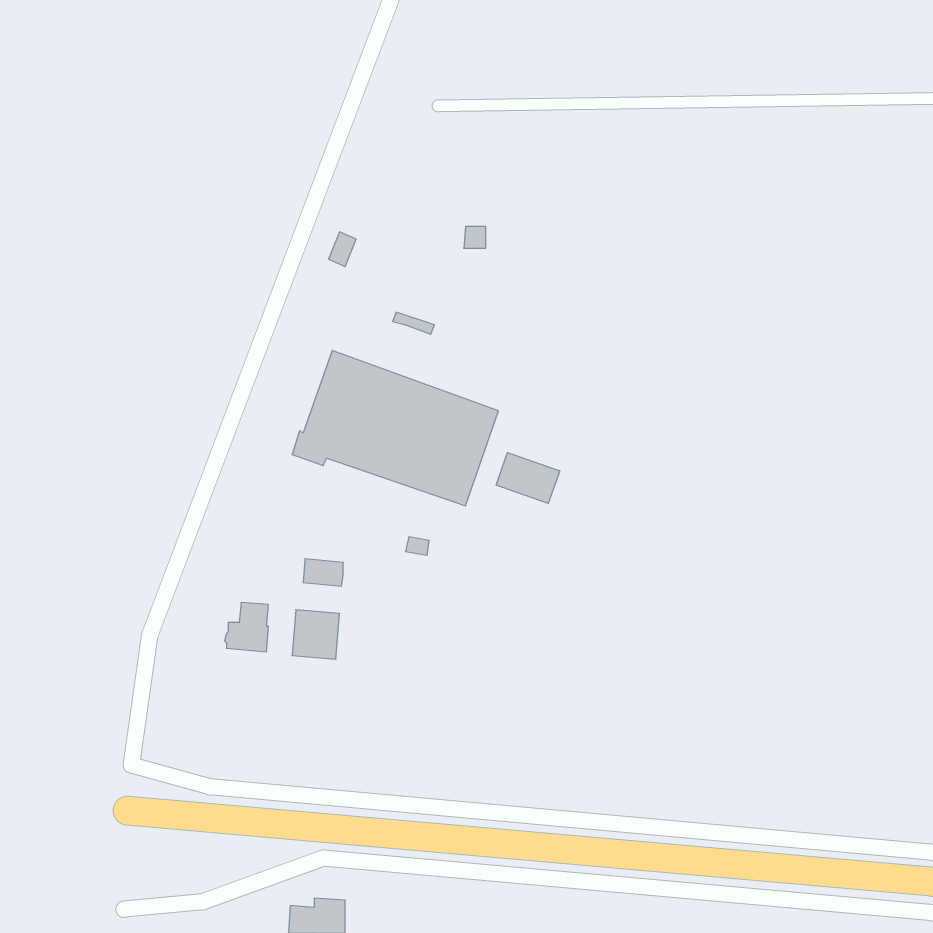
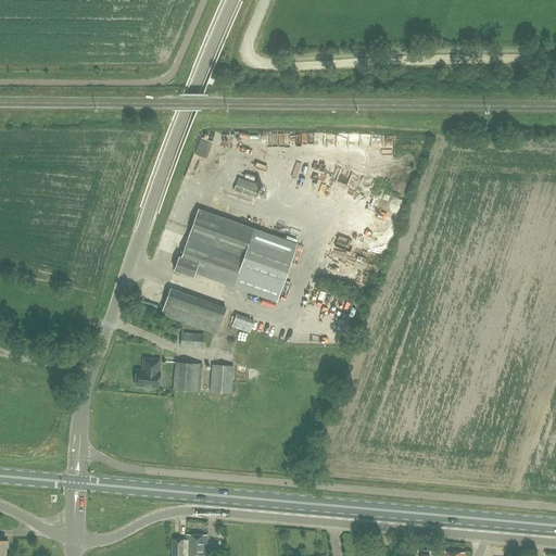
building: [496,452,560,504] -> none
building: none -> [161,289,225,333]
building: none -> [211,365,233,393]

